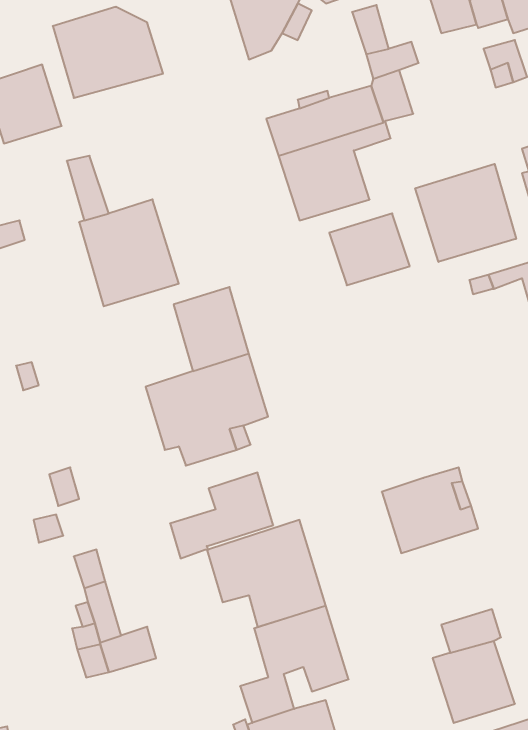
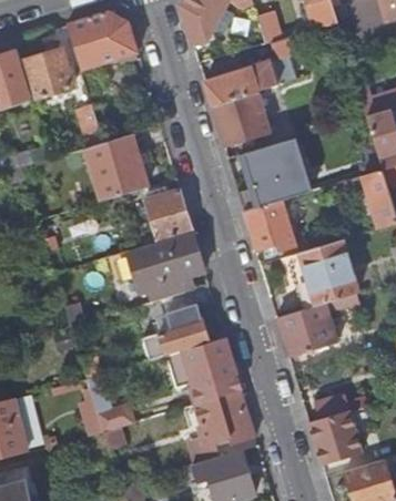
building: [415,164,516,262] -> none
building: none -> [243,201,295,253]
building: none -> [282,239,358,309]

